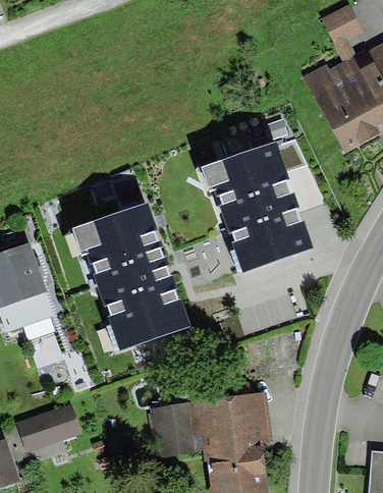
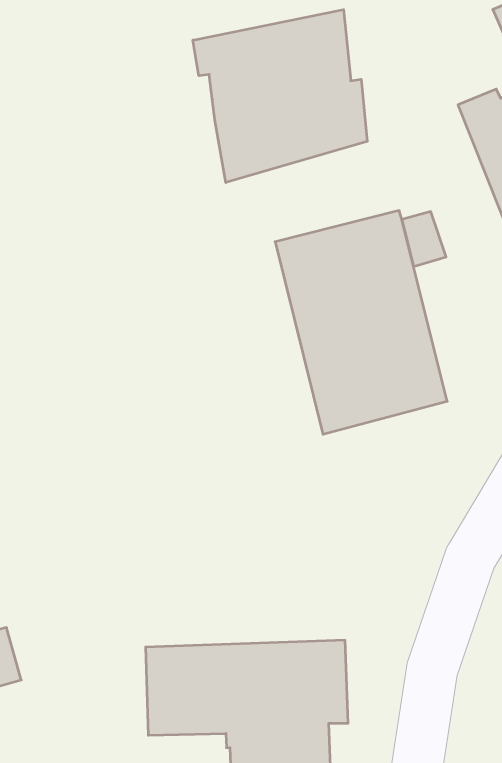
building: none -> [193,10,367,183]
building: [74,202,188,349] -> none

